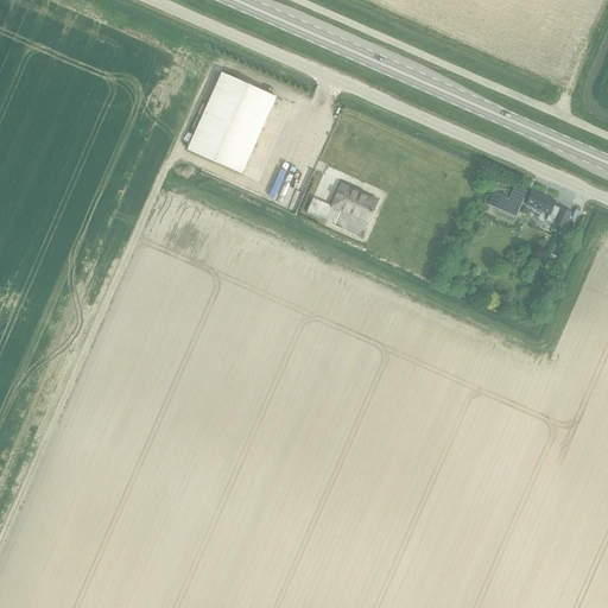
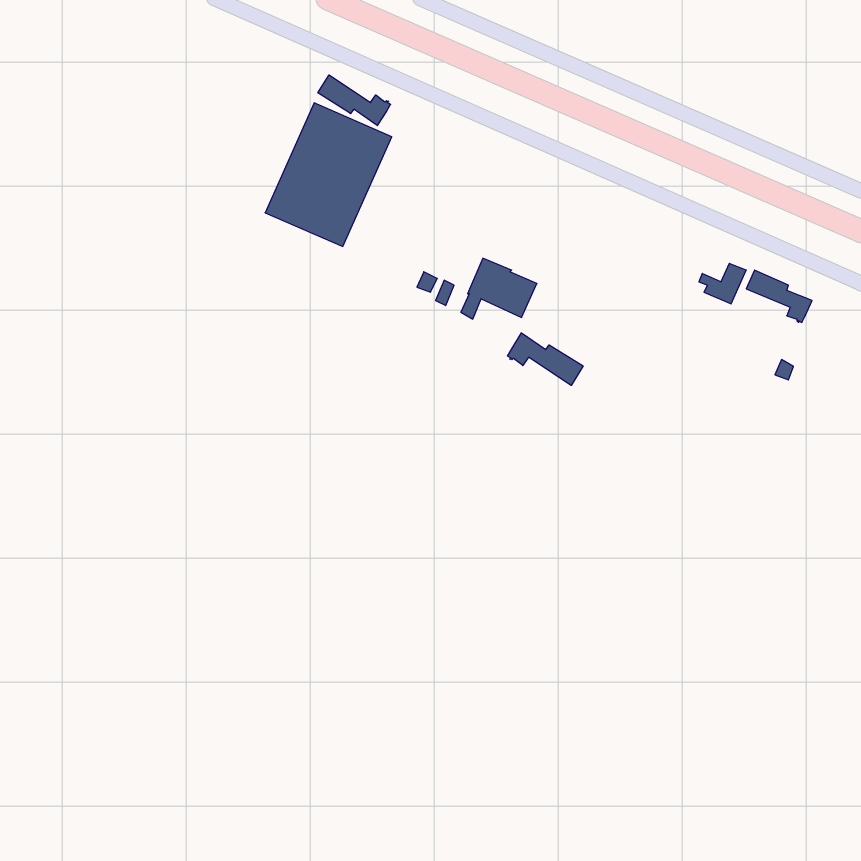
building: none -> [318,75,391,126]
building: none -> [508,333,583,385]

